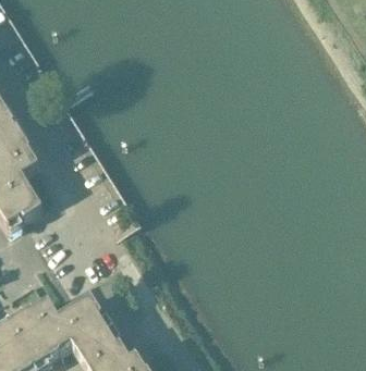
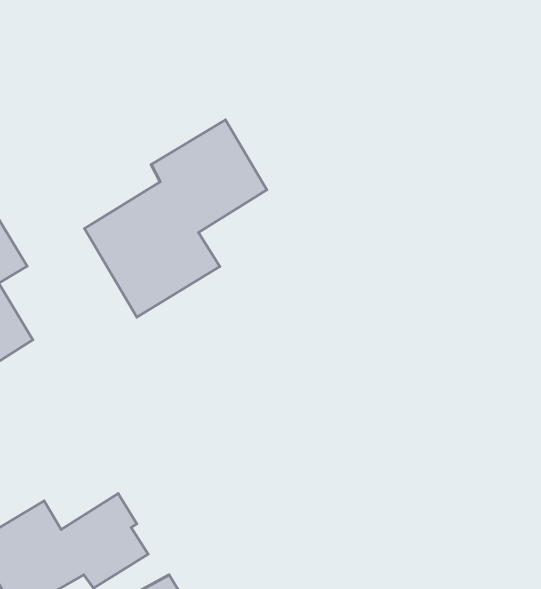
building: none -> [85,120,267,317]

